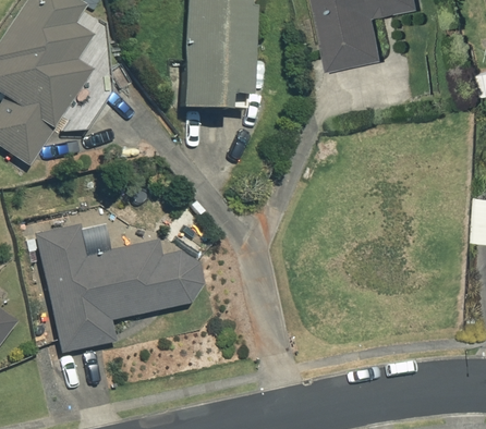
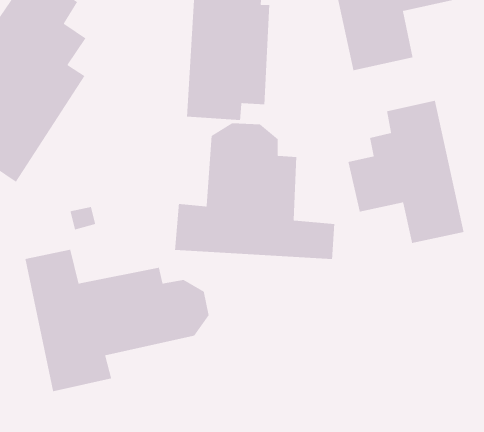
building: none -> [348,100,464,244]
building: none -> [174,122,335,260]

